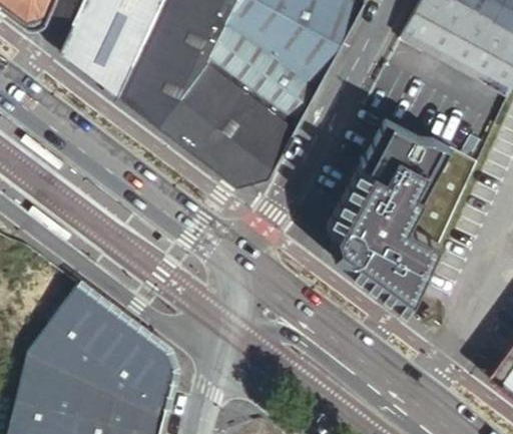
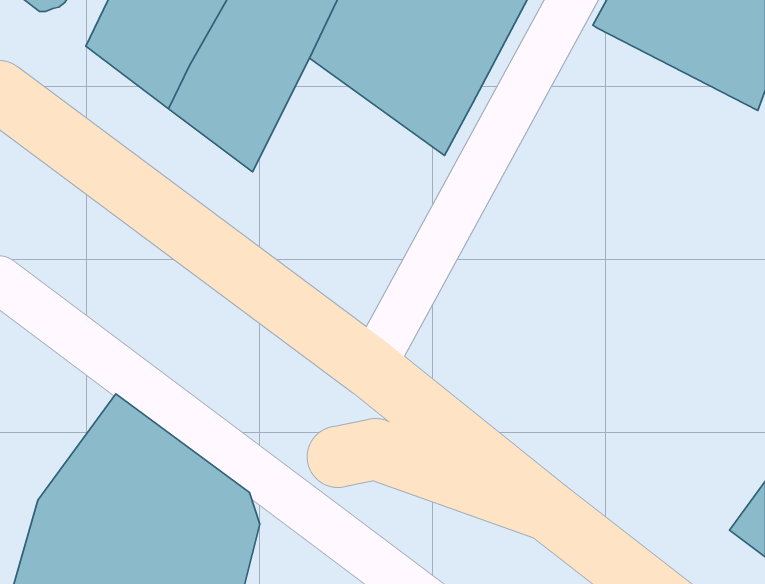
building: [169,57,298,184] -> none
building: [329,116,476,310] -> none

